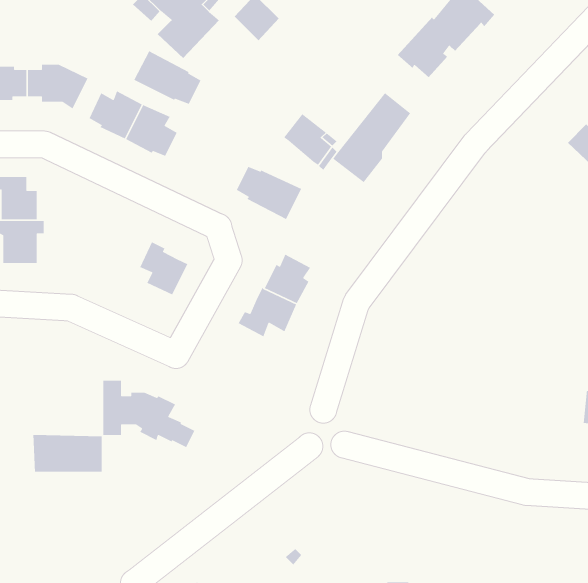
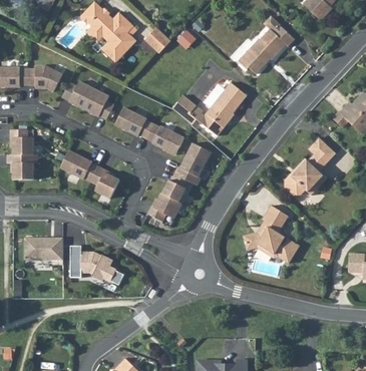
building: [133,50,201,105] -> [115,106,154,137]
building: none -> [284,136,335,195]
building: none -> [175,142,213,186]
building: none -> [61,150,99,181]
building: none -> [242,204,298,261]
building: [32,434,102,473] -> [19,238,59,260]

